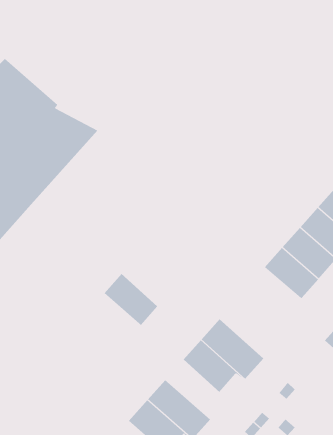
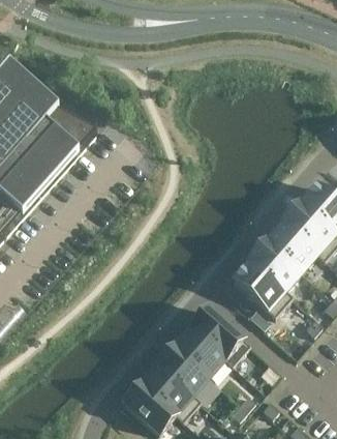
building: none -> [233,261,292,317]
building: [104,273,158,333] -> [157,347,208,403]

